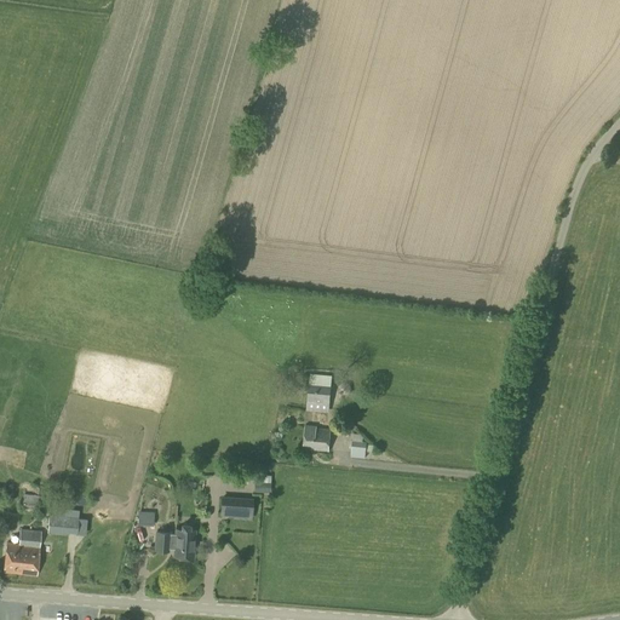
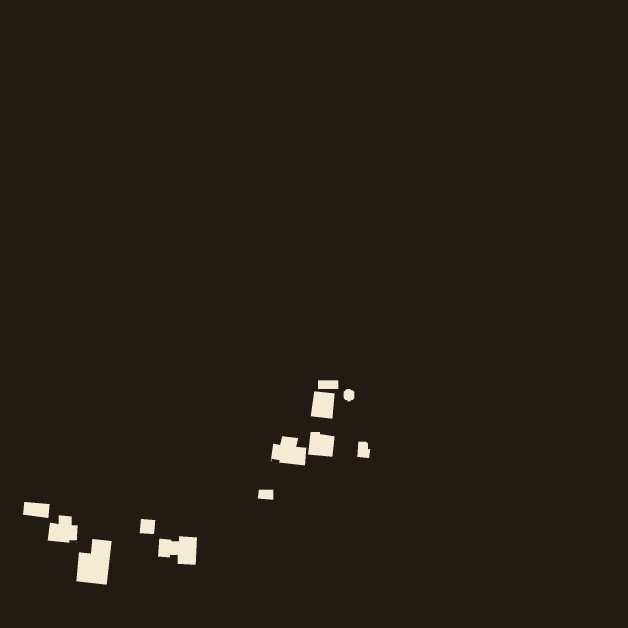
building: none -> [270,436,307,466]
building: [219,496,253,519] -> none
building: [5,528,41,574] -> [76,538,112,585]

